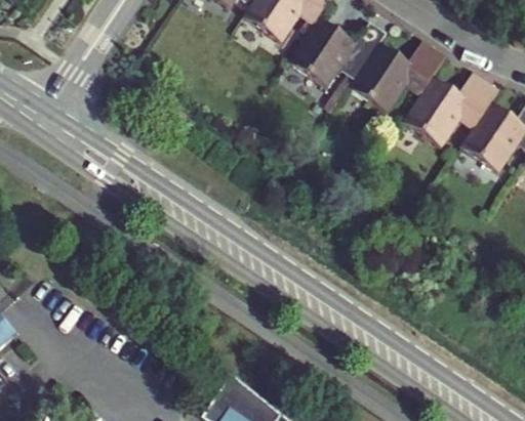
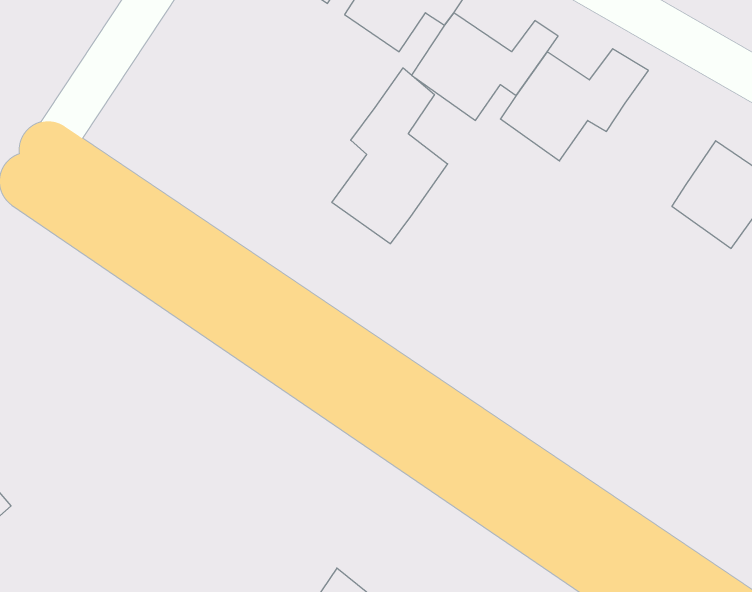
building: none -> [332,68,448,244]
building: [401,73,500,149] -> none

